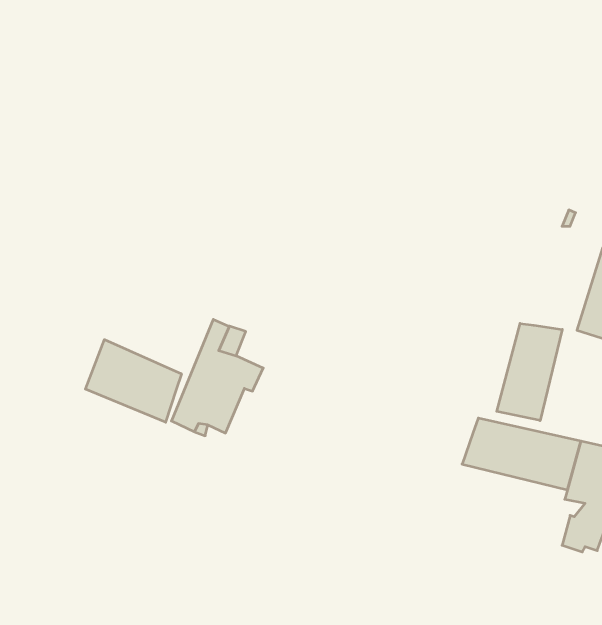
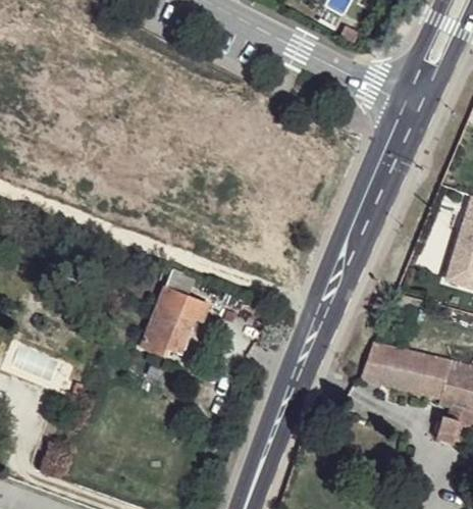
building: [497,323,562,421] -> none
building: [85,340,181,422] -> none

